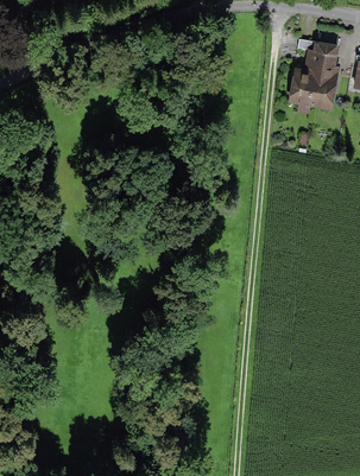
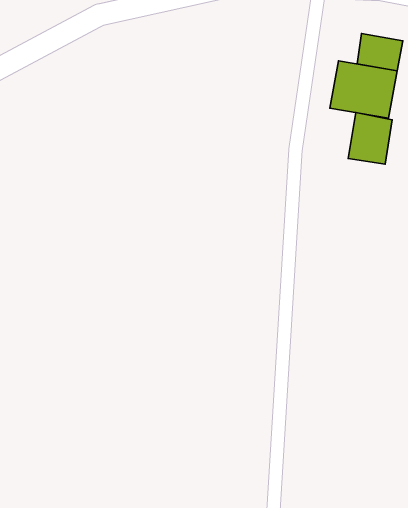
building: none -> [348,113,392,164]

